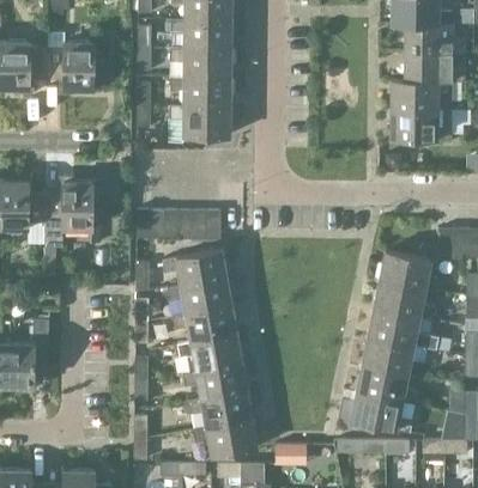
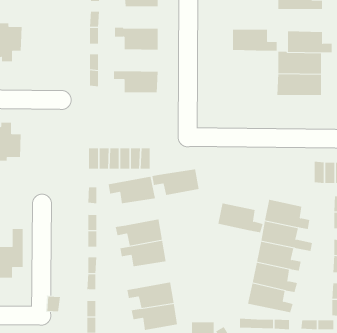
building: [170,19,230,49] -> none
building: [404,24,465,54] -> [232,29,277,51]
building: [46,33,93,94] -> none
building: [169,77,230,108] -> none
building: [44,177,91,277] -> none
building: [379,251,441,292] -> [217,203,264,233]
building: [167,279,231,315] -> [151,169,199,195]
building: [182,364,247,399] -> none

